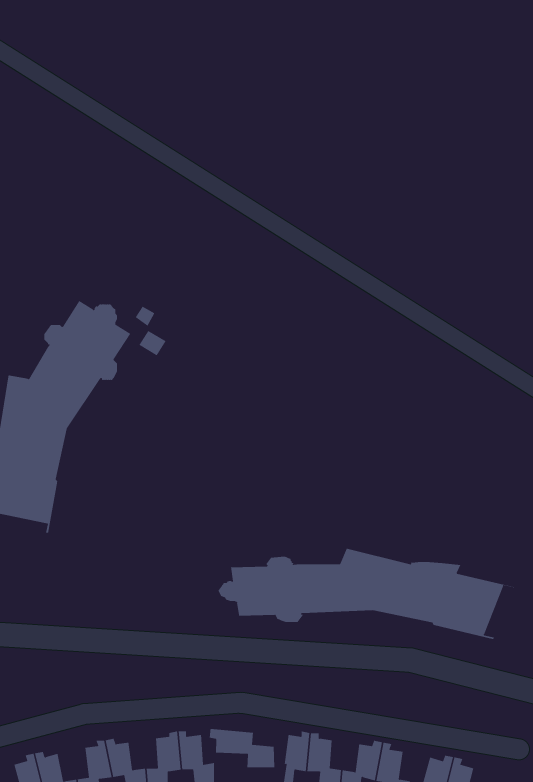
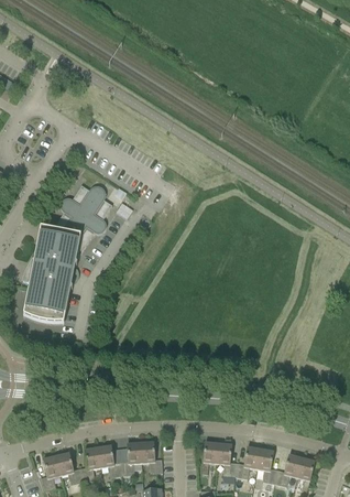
building: [218,548,516,640] -> none
building: [209,728,275,768] -> none

